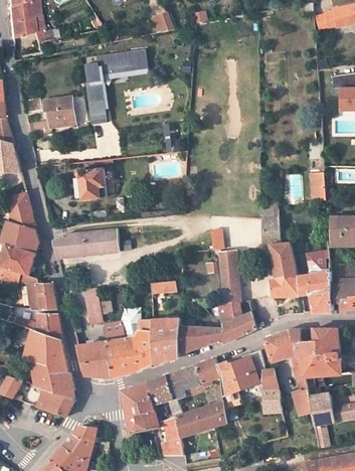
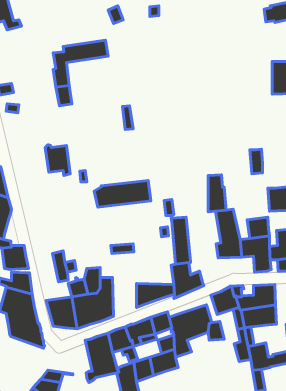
building: [43,97,75,128] -> none
building: [52,228,117,259] -> [94,181,151,207]
building: [153,318,181,363] -> none
building: [34,386,74,417] -> none
building: [262,389,281,413] -> none

